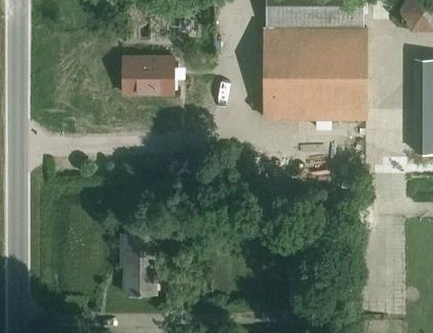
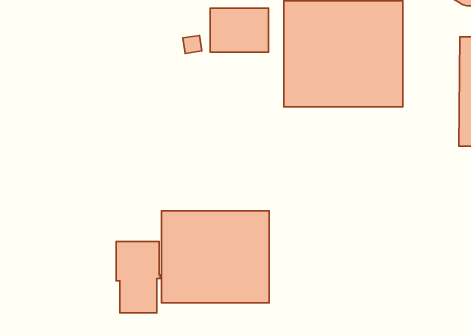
building: [124,58,174,96] -> [210,8,268,52]
building: none -> [162,211,269,303]

